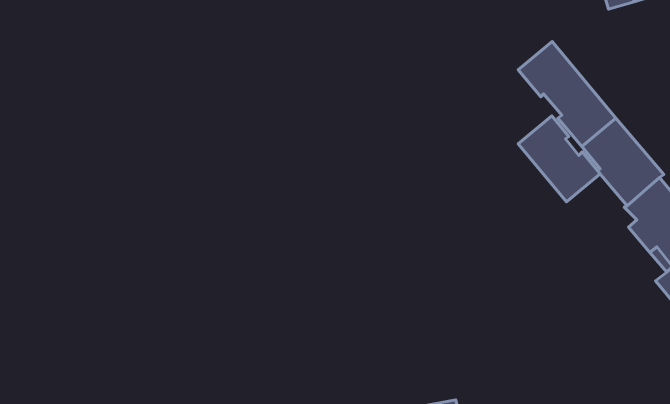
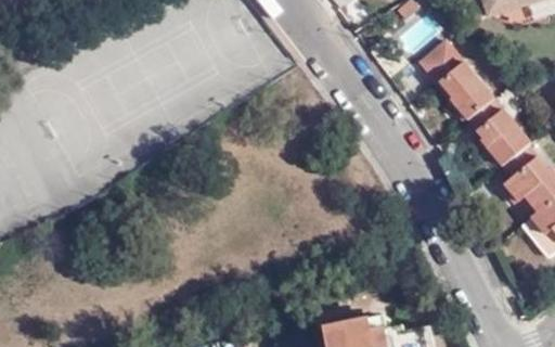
building: [518,116,600,202] -> none

